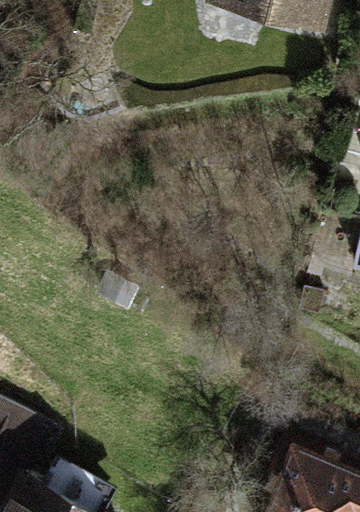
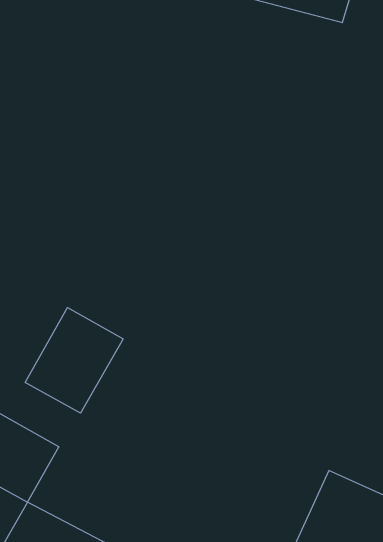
building: none -> [25,308,123,413]

